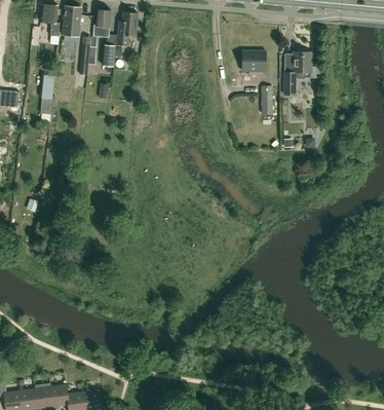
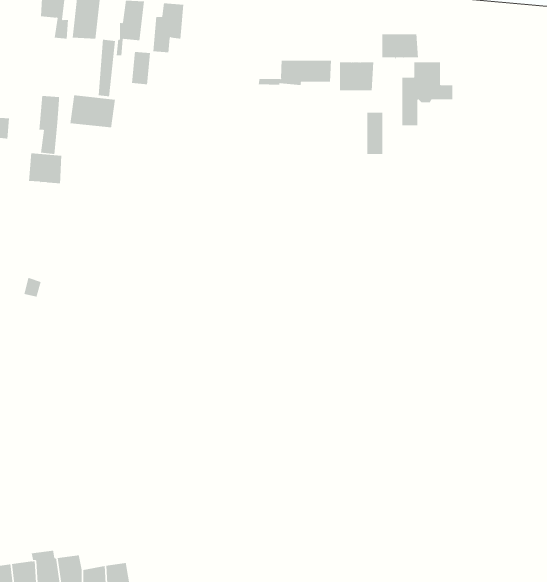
building: none -> [382,34,418,59]
building: none -> [258,60,332,86]
building: none -> [70,95,116,128]
building: none -> [28,152,62,184]

